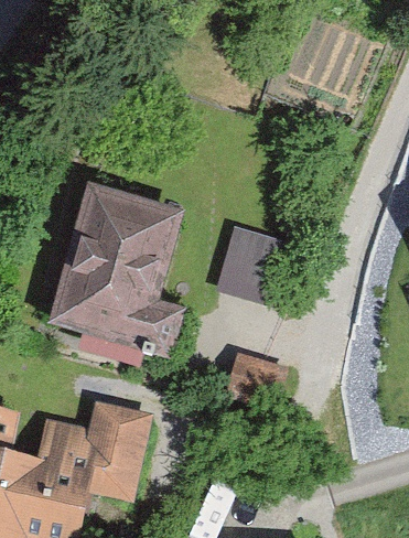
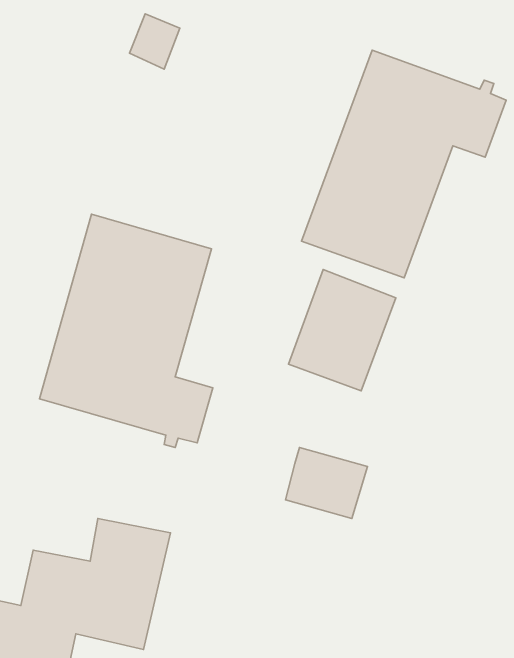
building: none -> [302,50,506,278]

